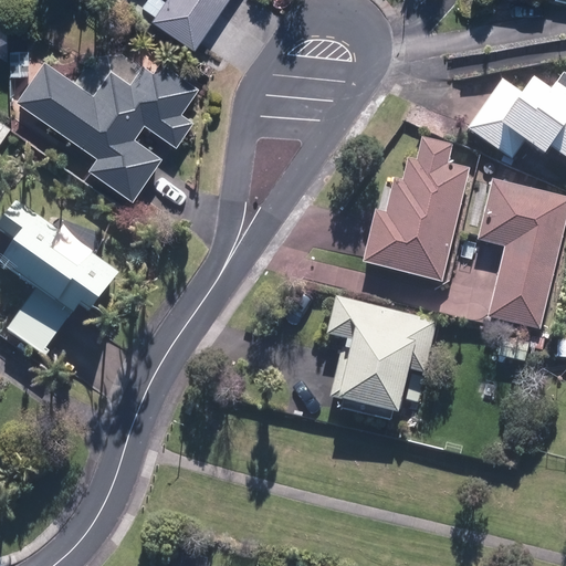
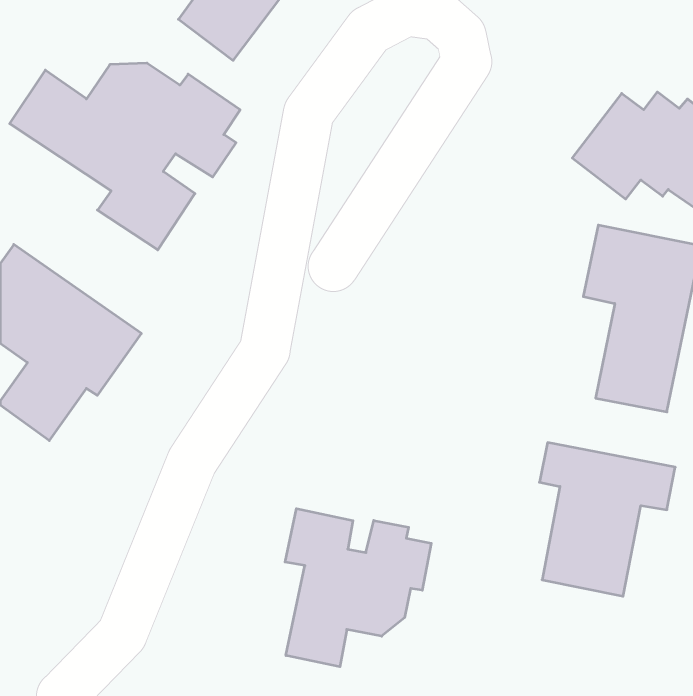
building: [361,137,464,282] -> none
building: [328,302,438,426] -> [539,443,675,596]
building: none -> [285,509,431,667]

